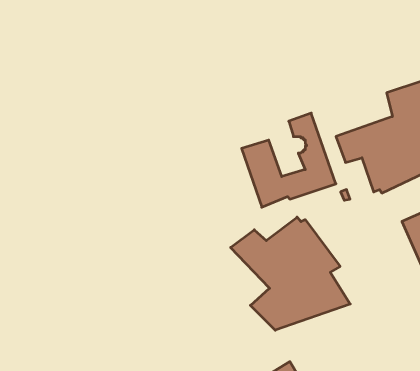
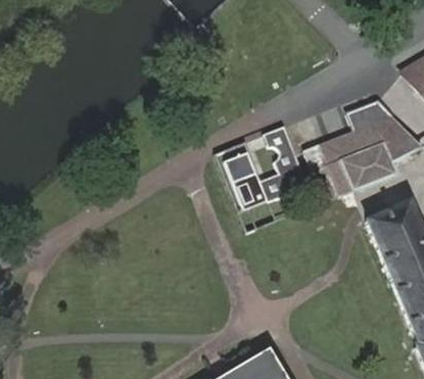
building: [231,217,350,330] -> none

